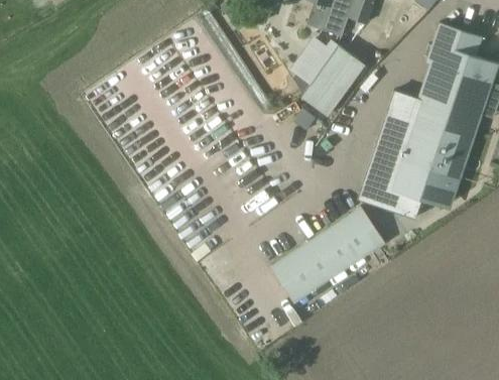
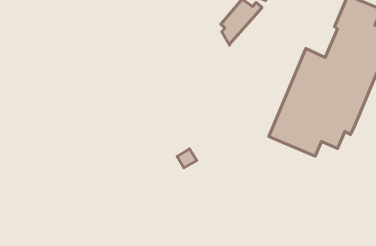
building: [300,44,365,116] -> none
building: [270,207,384,302] -> none

